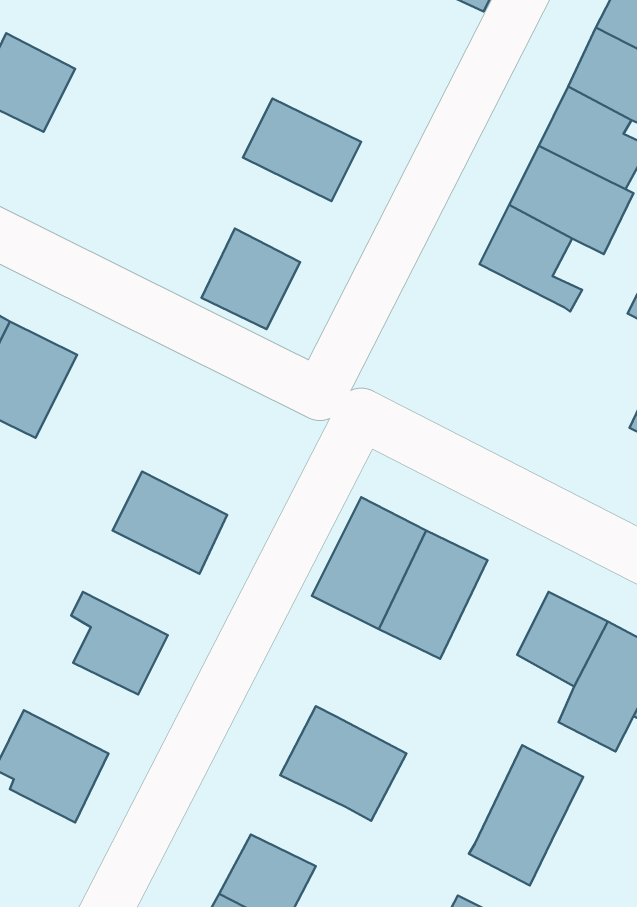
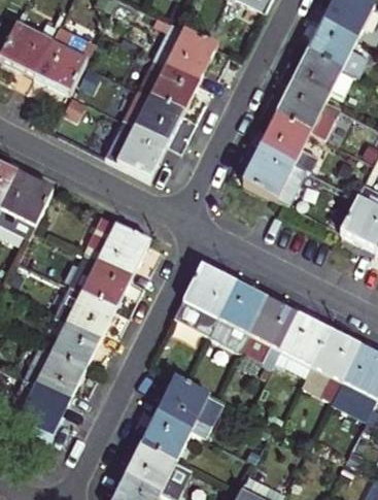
building: none -> [154,21,218,79]
building: none -> [35,28,87,93]
building: none -> [123,88,185,142]
building: none -> [244,143,307,201]
building: none -> [87,216,149,274]
building: none -> [54,281,116,337]
building: none -> [25,345,84,399]
building: [469,745,583,885] -> [239,298,299,371]
building: none -> [143,410,193,458]

